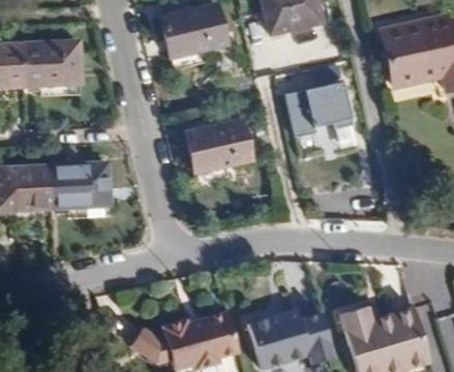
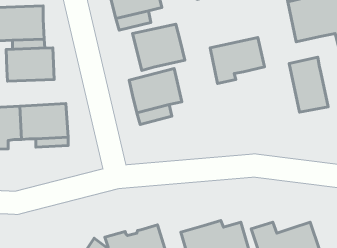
building: none -> [132,24,185,70]
building: none -> [6,48,54,81]
building: none -> [289,57,328,112]

